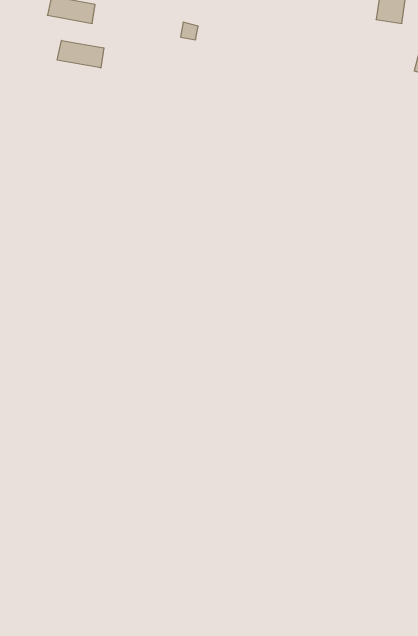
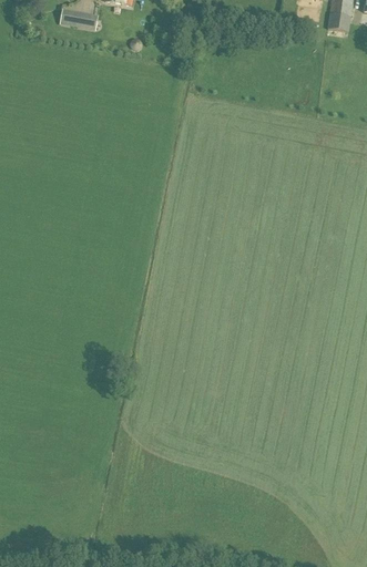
building: [57,40,104,68] -> none

